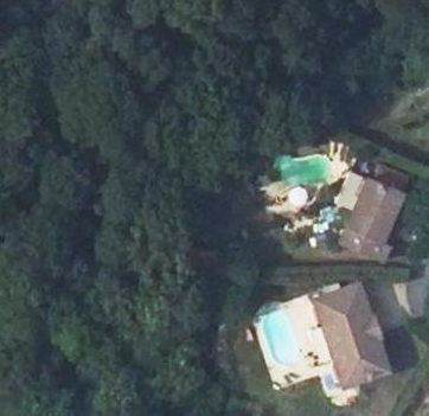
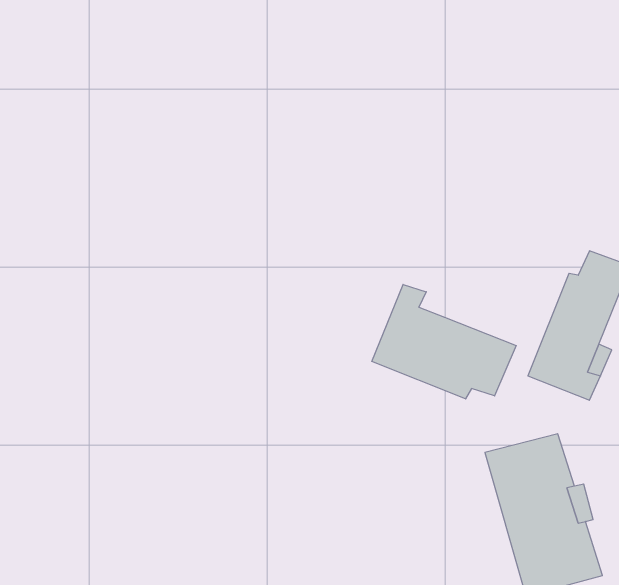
building: none -> [372,284,516,399]

